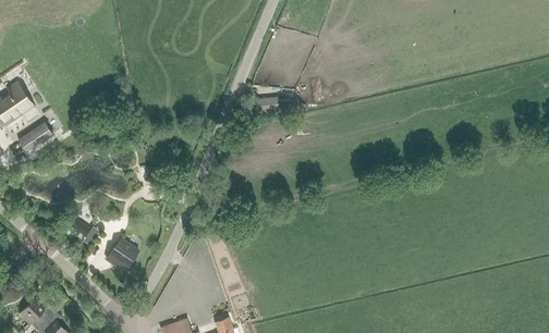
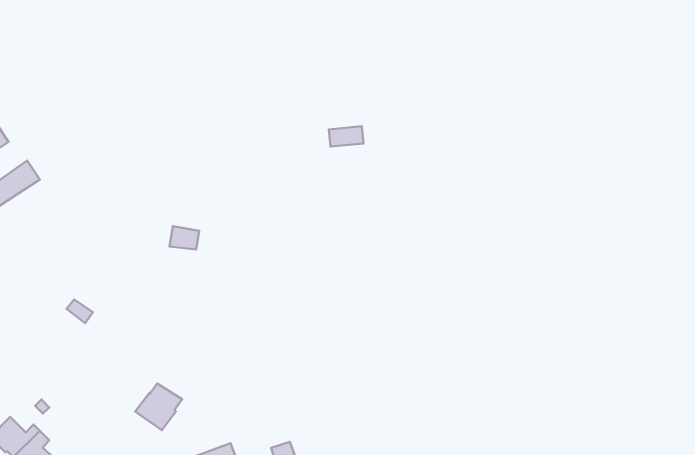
building: [106,238,138,271] -> [135,383,182,430]

